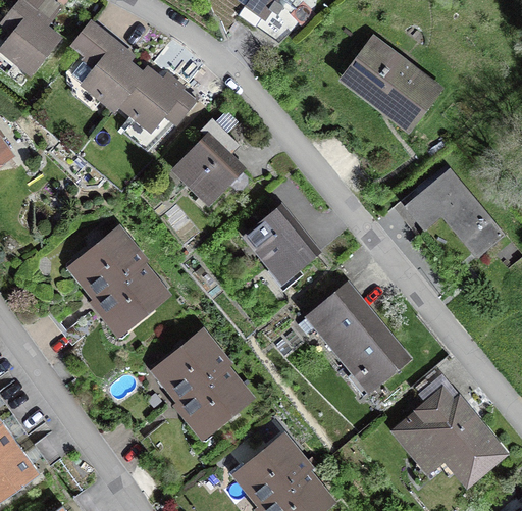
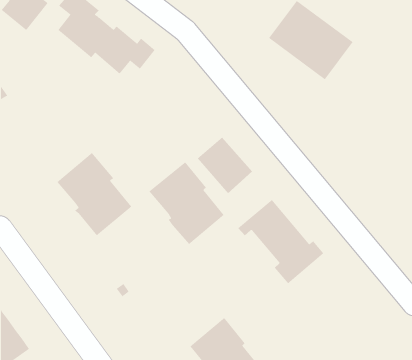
building: [170,118,247,210] -> none
building: [406,169,507,256] -> none
building: [154,329,250,435] -> [148,162,225,245]
building: [397,386,502,479] -> none

